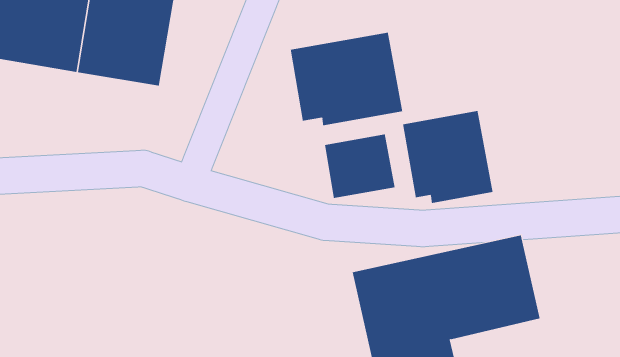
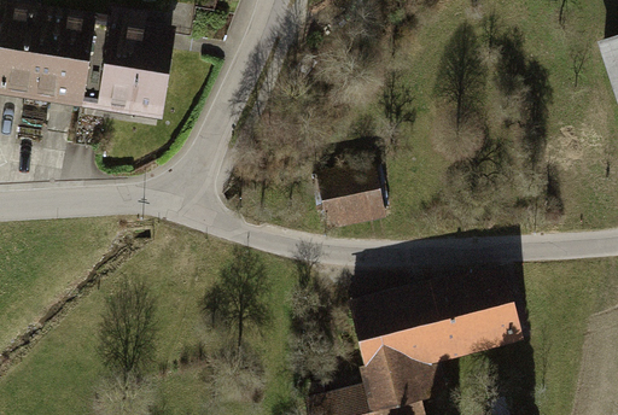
building: [290,32,403,126] -> none
building: [402,110,493,204] -> none

